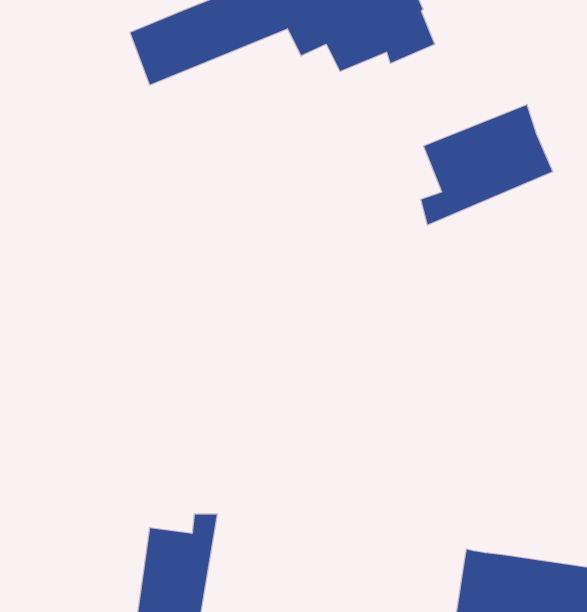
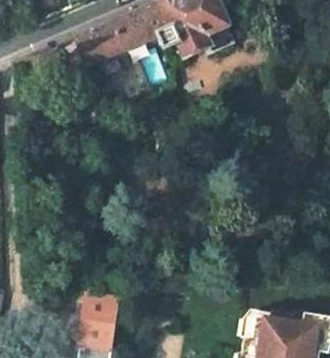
building: [421,104,553,225] -> none

